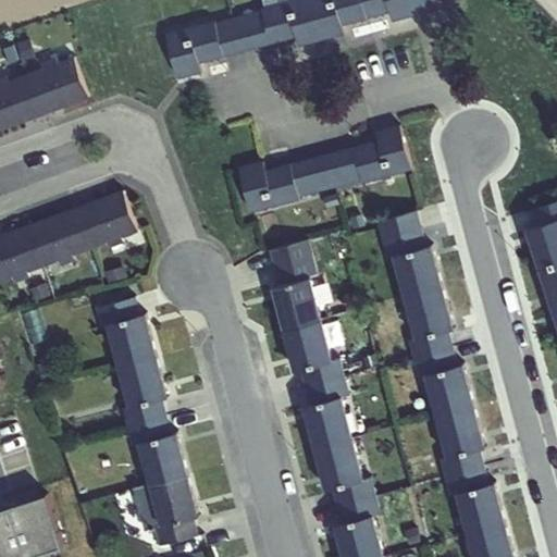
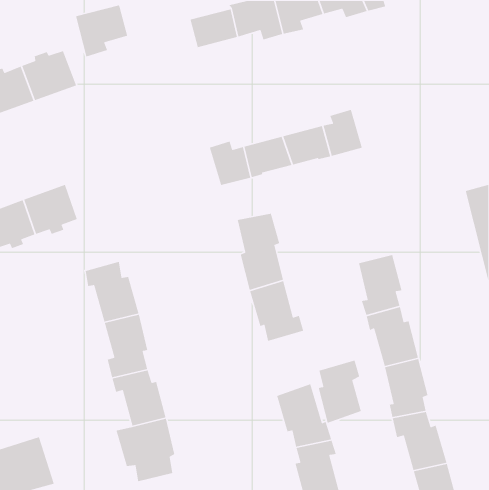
building: [163,21,223,81] -> [75,4,128,57]
building: [74,193,136,250] -> none
building: [376,212,444,299] -> none
building: [301,376,351,449] -> [318,359,362,424]

